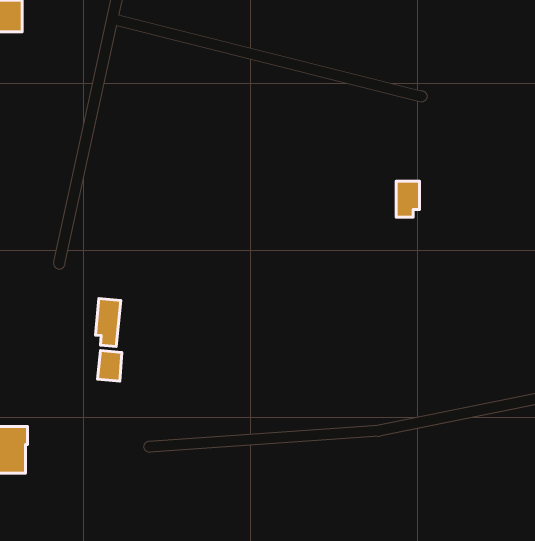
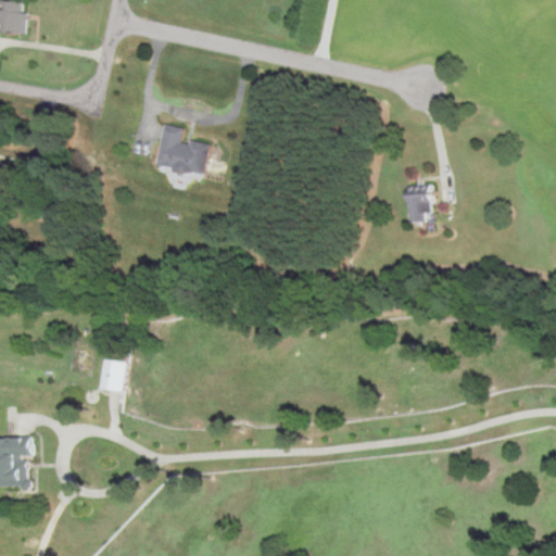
building: none -> [155,125,208,174]
building: [95,299,121,347] -> none

